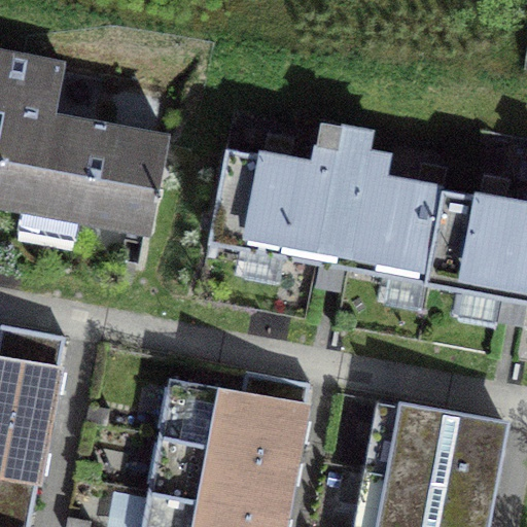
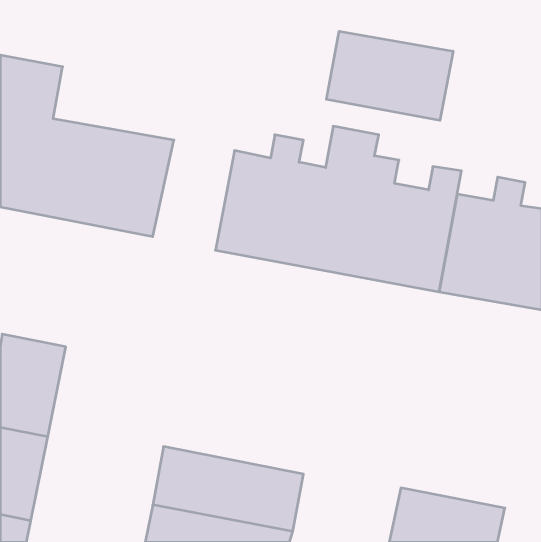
building: none -> [326,31,453,120]
building: [160,372,310,460] -> none
building: [390,406,503,493] -> none

